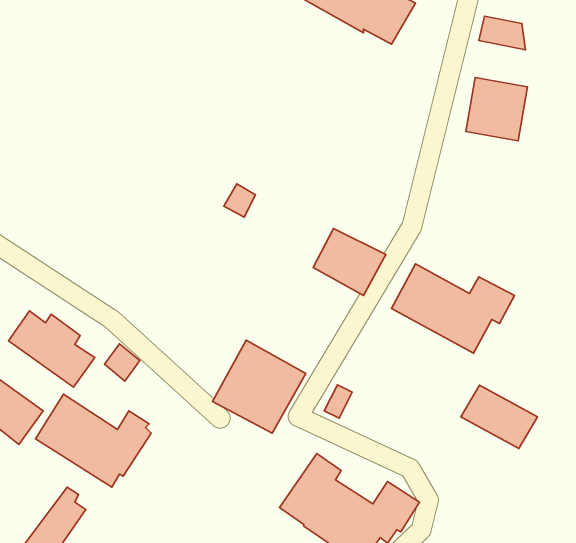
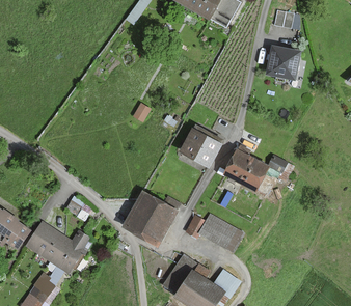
building: [8,311,95,387] -> none
building: [461,385,537,449] -> [199,215,242,250]

